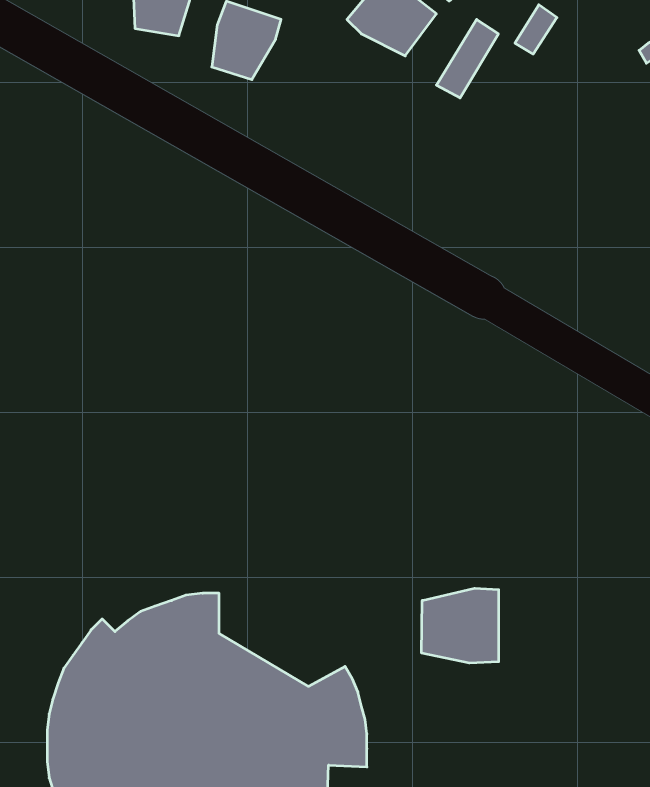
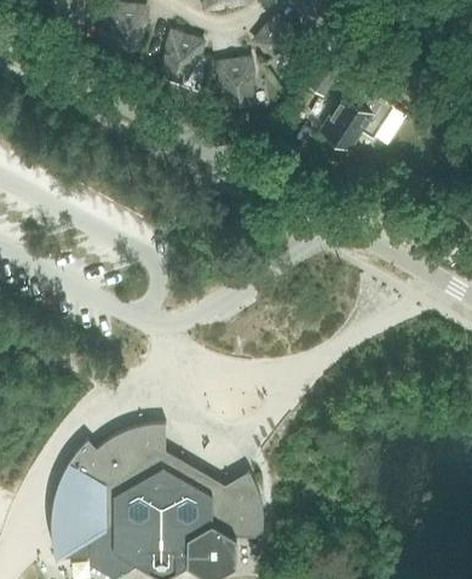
building: none -> [213,57,254,105]
building: none -> [322,80,381,149]
building: [422,588,499,663] -> none

